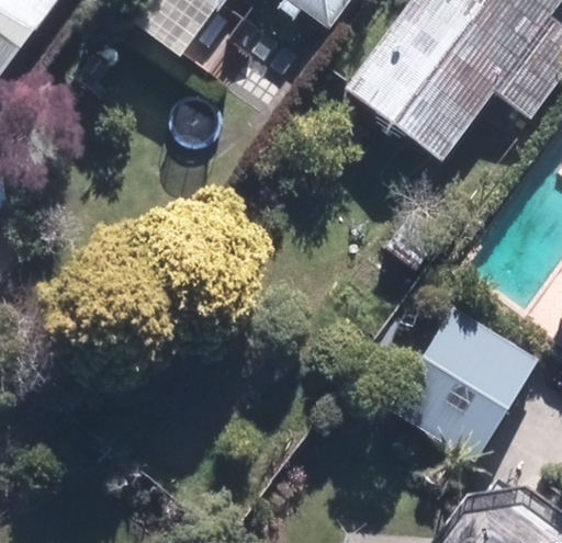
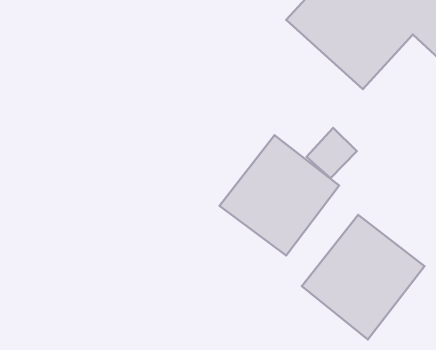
building: none -> [220,135,339,256]

